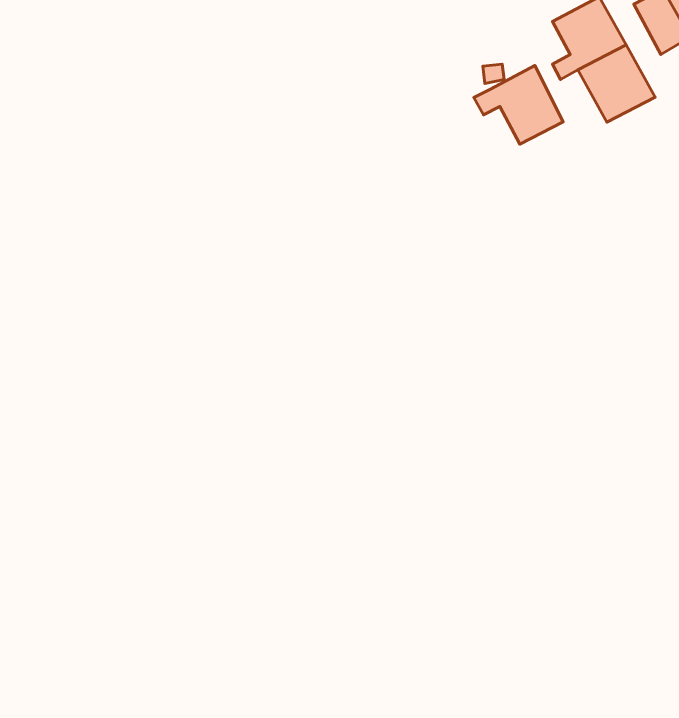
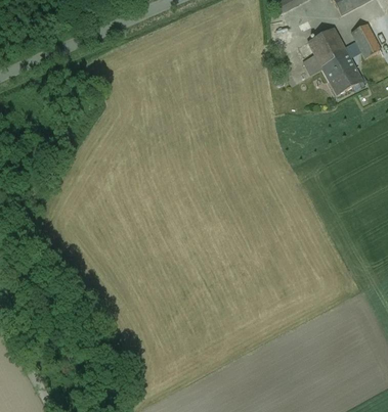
building: [474,65,563,144] -> none

